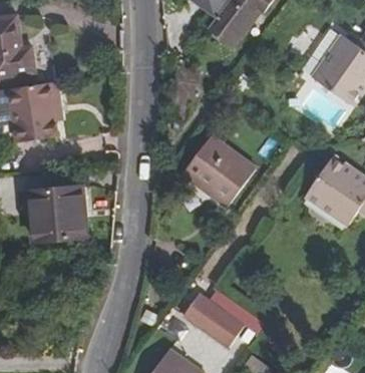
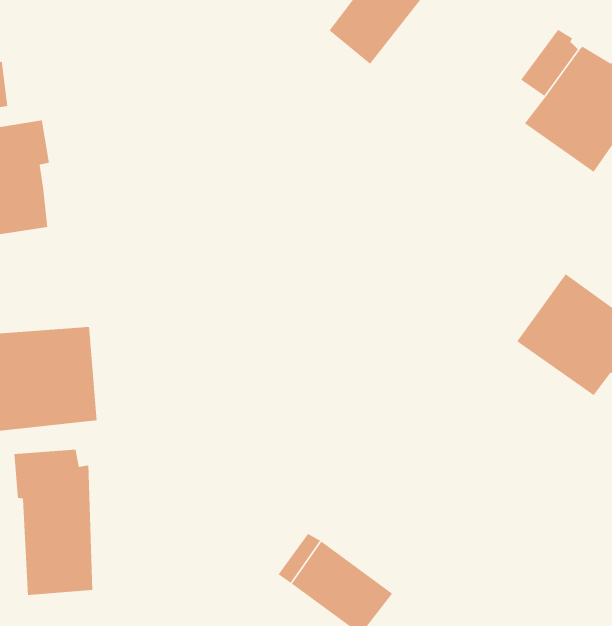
building: [195,135,254,208] -> none
building: none -> [13,449,93,596]

